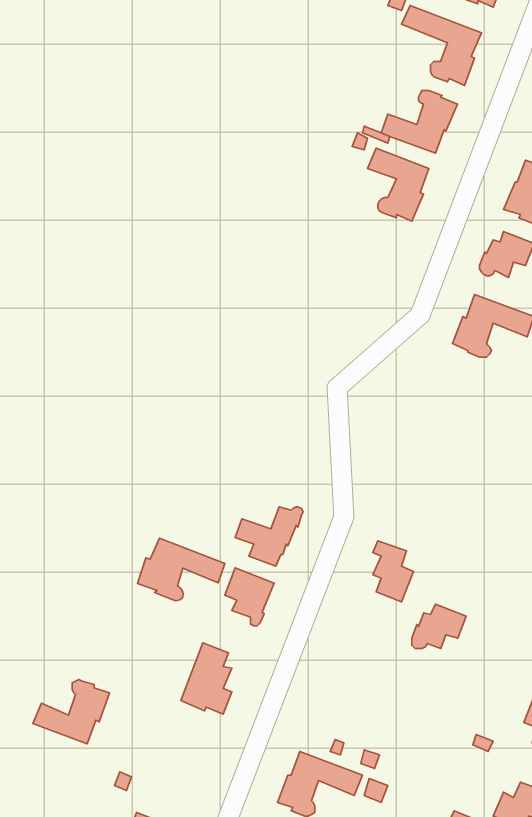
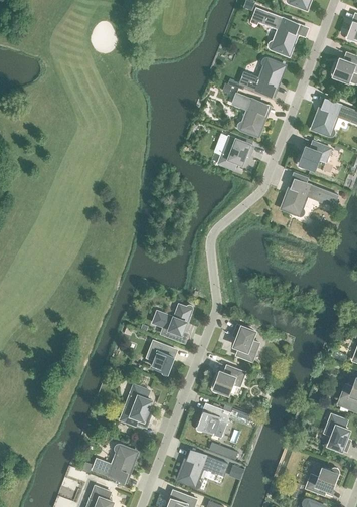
building: none -> [218,139,253,168]
building: [137,538,225,601] -> none
building: [412,604,466,648] -> [212,365,244,391]
building: none -> [196,405,229,435]
building: [33,679,109,744] -> [92,443,137,481]

